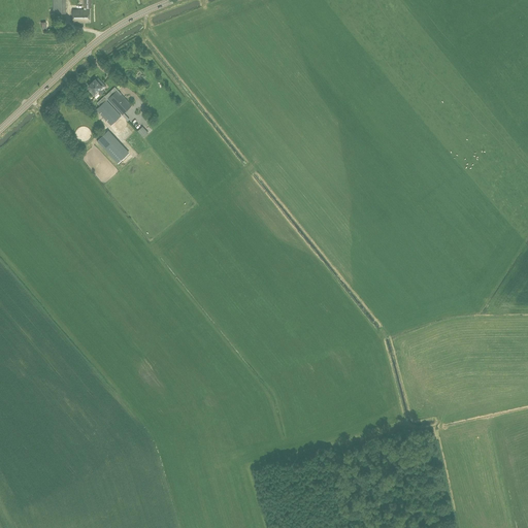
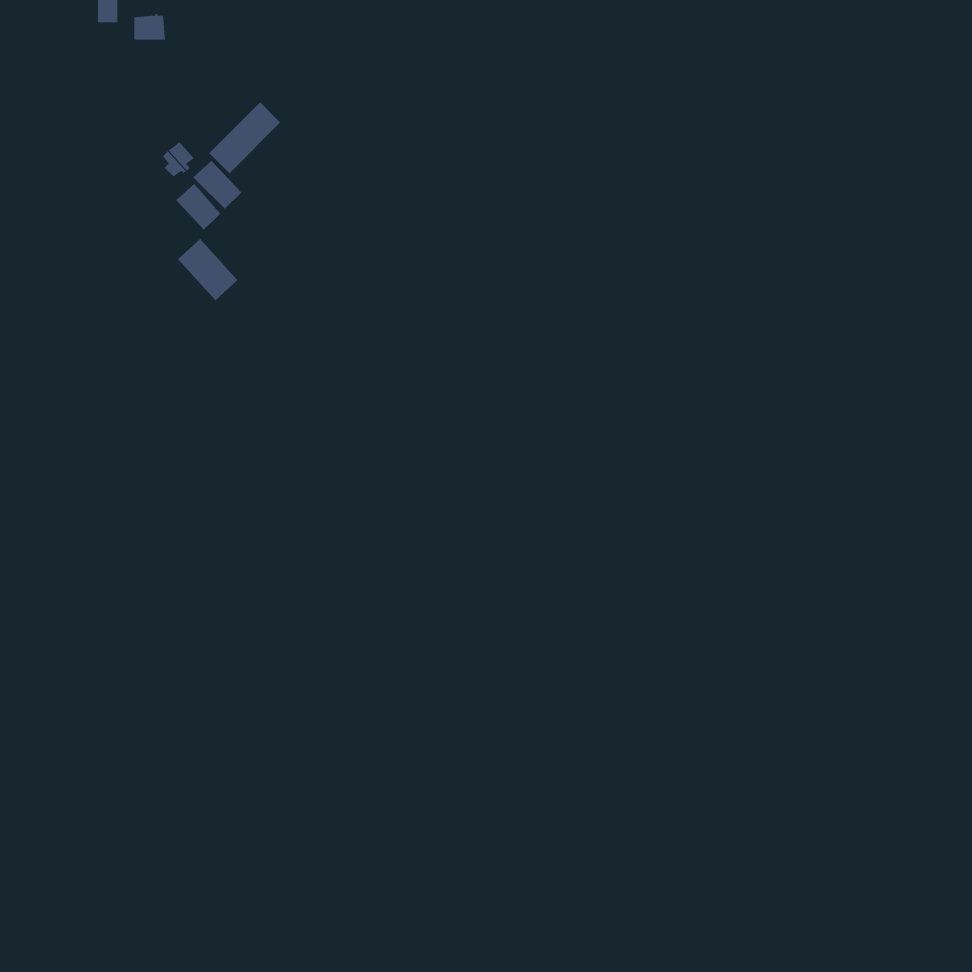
building: none -> [209,102,281,174]

